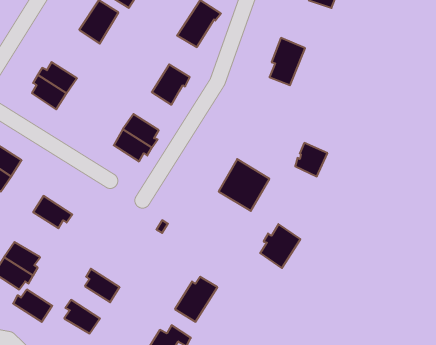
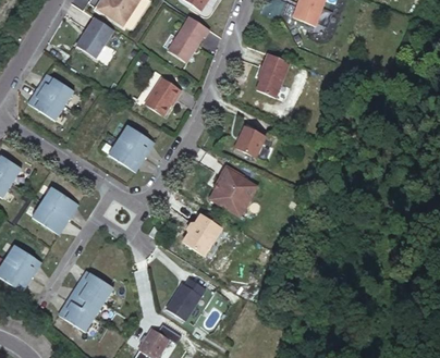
building: [295,143,327,176] -> [234,125,265,157]
building: none -> [42,186,75,219]
building: [260,224,300,268] -> [184,213,222,255]
building: [13,290,52,322] -> [69,286,106,317]

